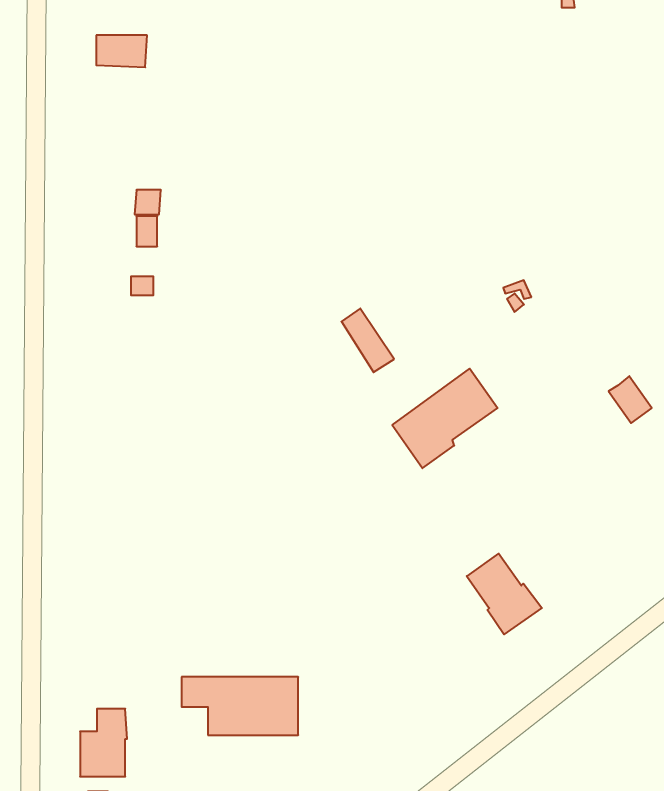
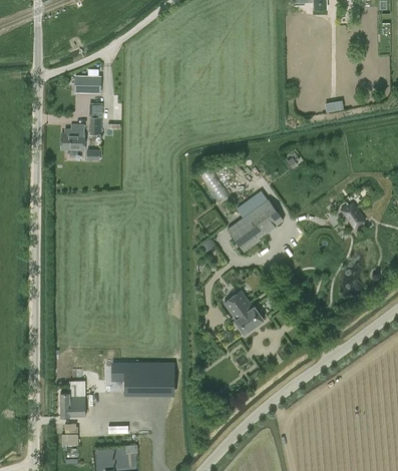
building: [96,35,147,67] -> [75,76,102,93]
building: none -> [60,124,84,149]
building: [467,554,542,634] -> [223,290,263,333]

